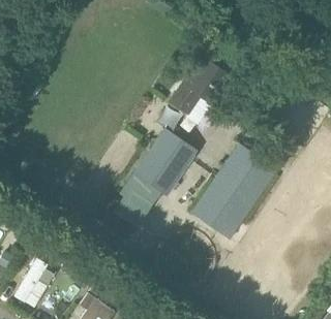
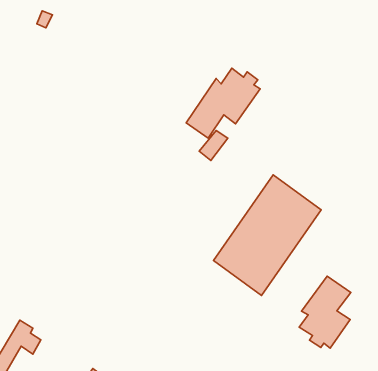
building: [121,128,197,210] -> none
building: none -> [299,276,351,348]

